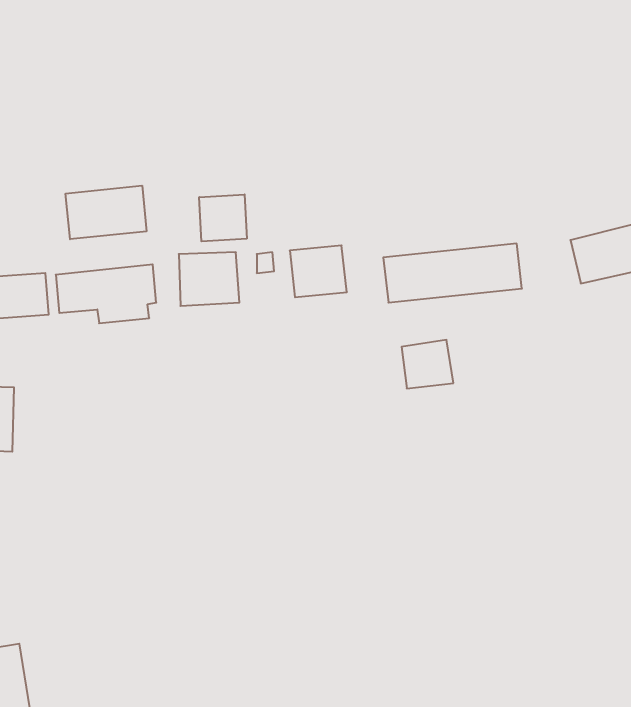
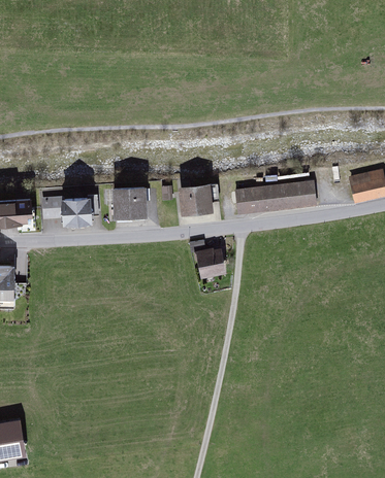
building: [66,186,146,239] -> none
building: [199,194,247,241] -> none
building: [402,340,453,388] -> [196,249,227,278]

